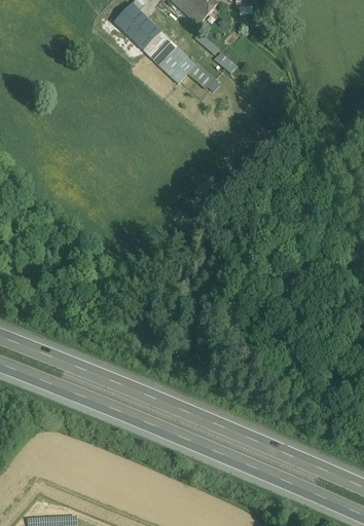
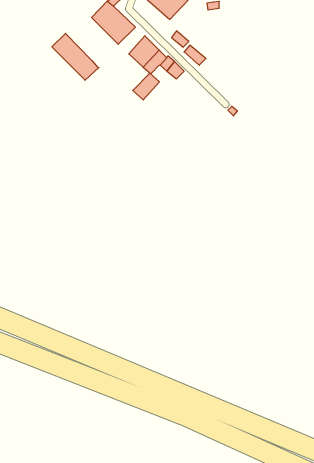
building: [142,31,171,60] -> [133,73,159,100]
building: none -> [52,33,99,80]

